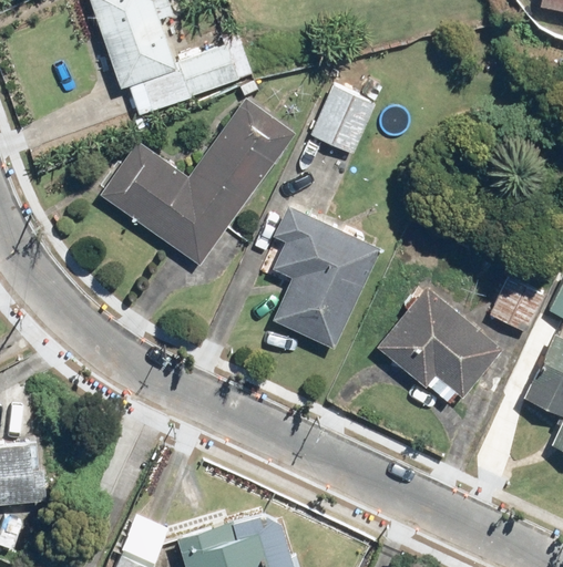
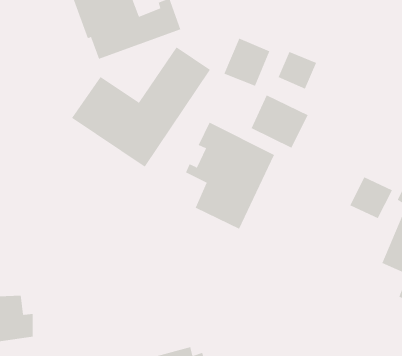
building: none -> [278,51,317,90]
building: none -> [251,95,309,149]
building: [378,286,504,405] -> none

